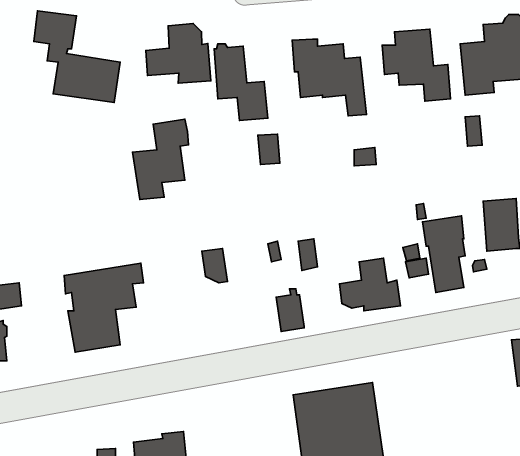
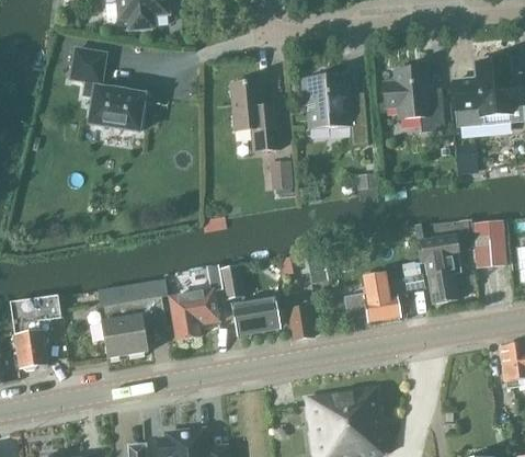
building: [146,23,211,83] -> none
building: [133,119,189,200] -> [170,265,220,338]
building: none -> [232,296,286,334]

